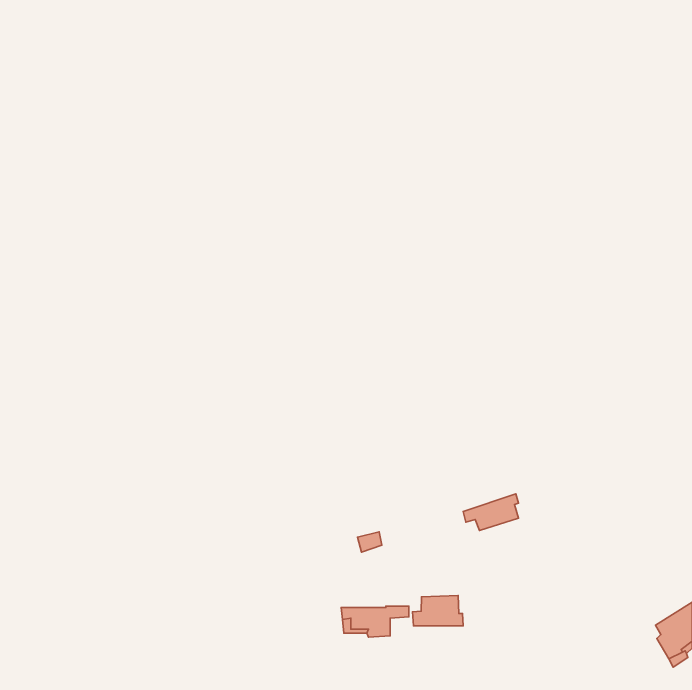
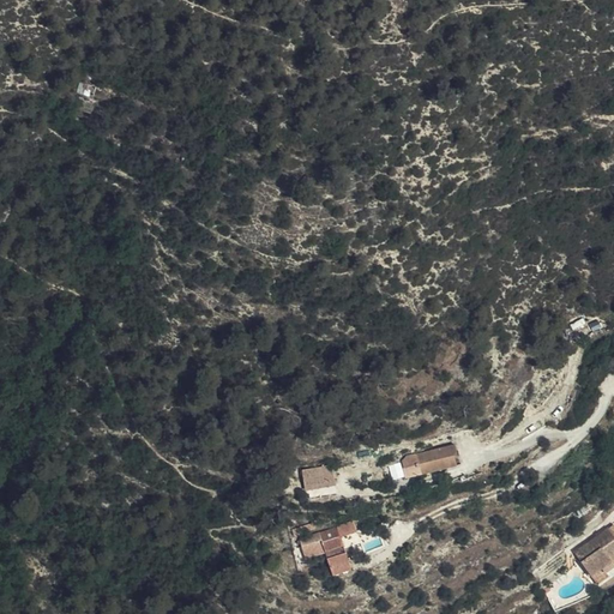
building: [413,596,463,626] -> none

